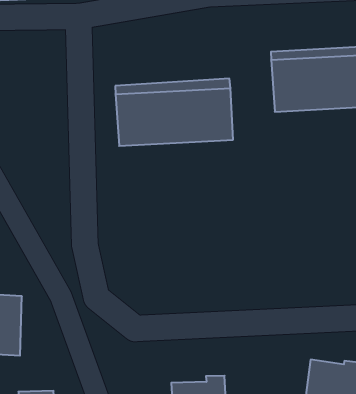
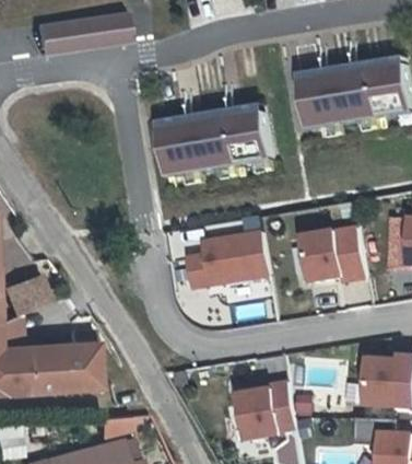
building: none -> [186,231,268,287]
building: none -> [302,228,364,281]

